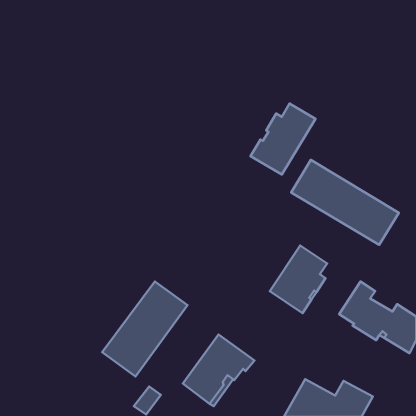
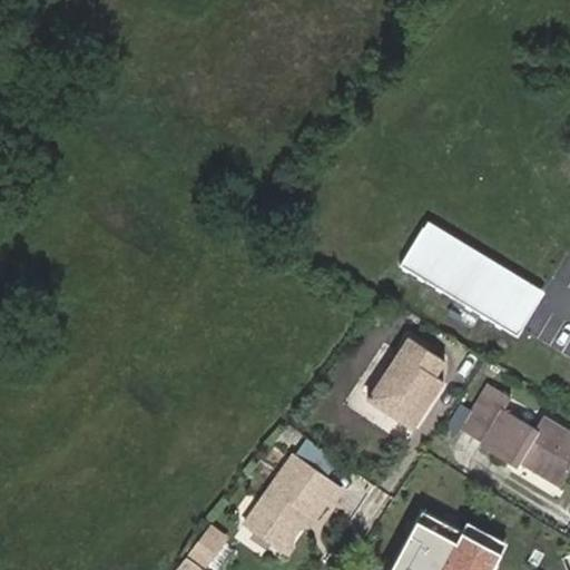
building: [250,103,315,175] -> none
building: [102,282,188,377] -> none

